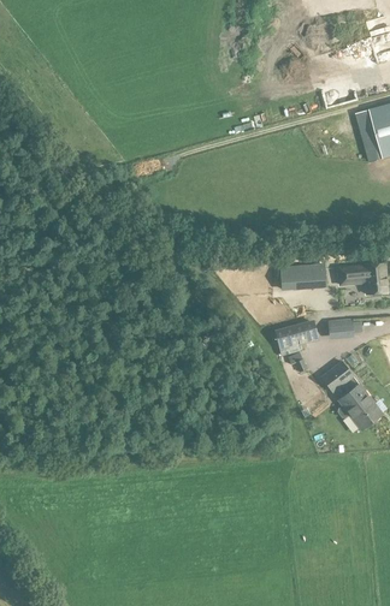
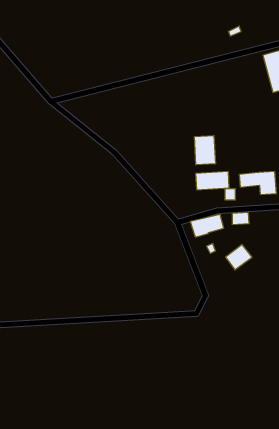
building: none -> [194,135,215,165]
building: [335,384,379,429] -> none

